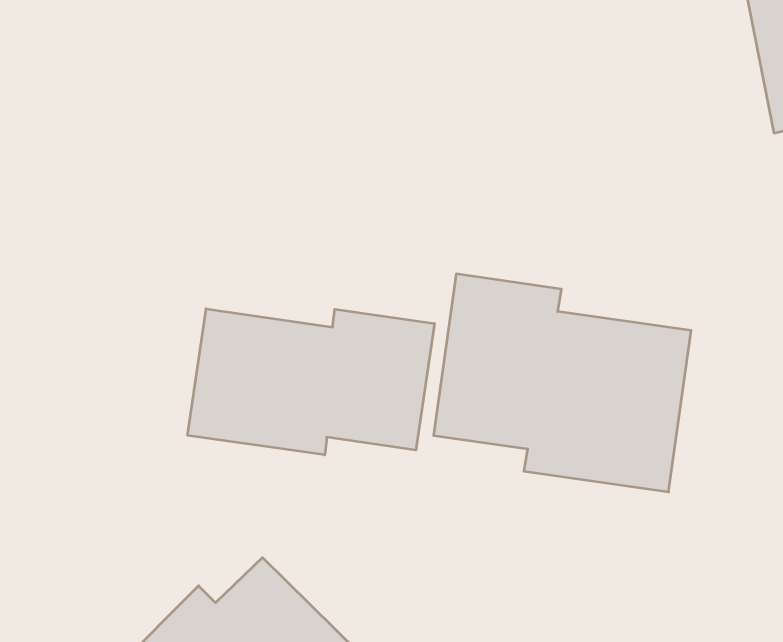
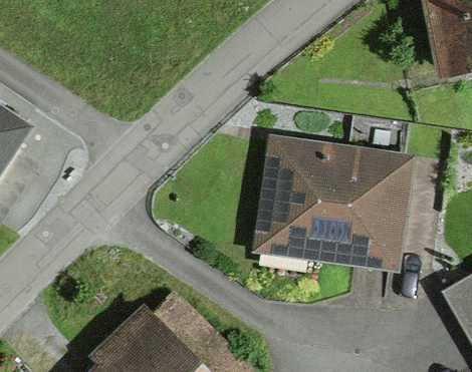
building: [188,309,434,455] -> none

